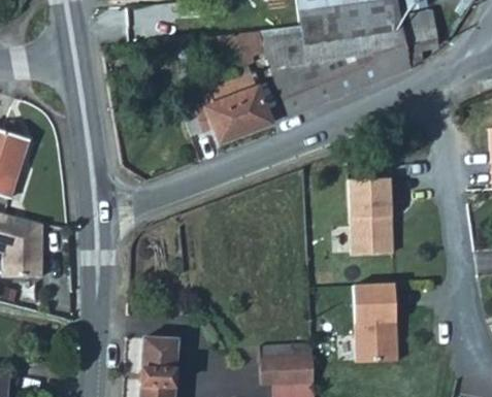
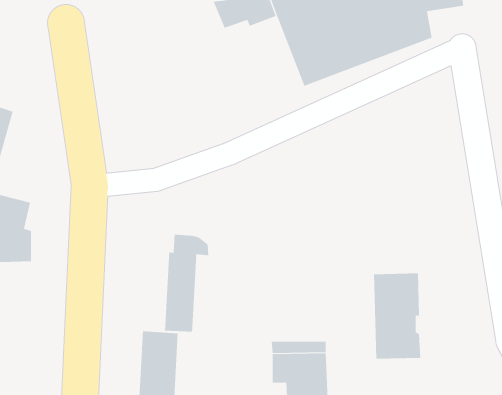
building: [198,74,272,142] -> none
building: [351,178,394,254] -> none
building: none -> [165,234,209,332]

